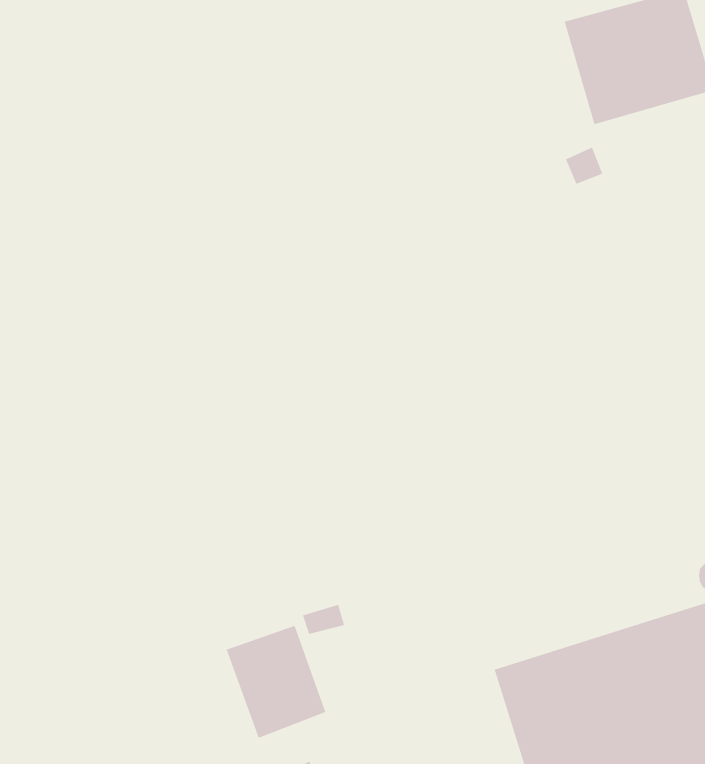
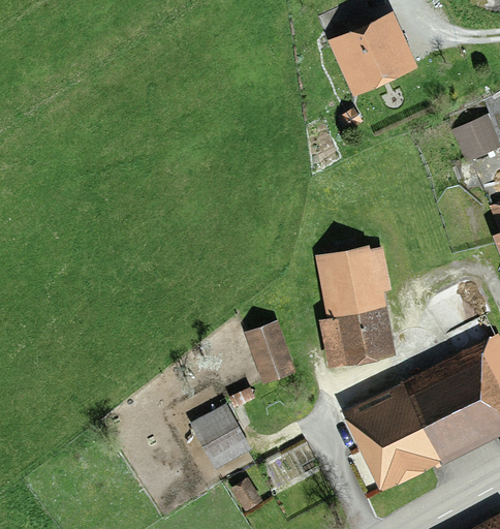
building: none -> [315,245,396,367]
building: none -> [245,320,296,383]

